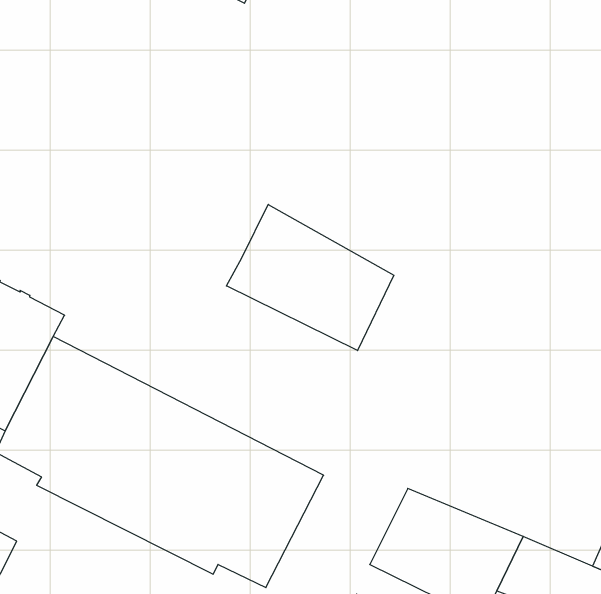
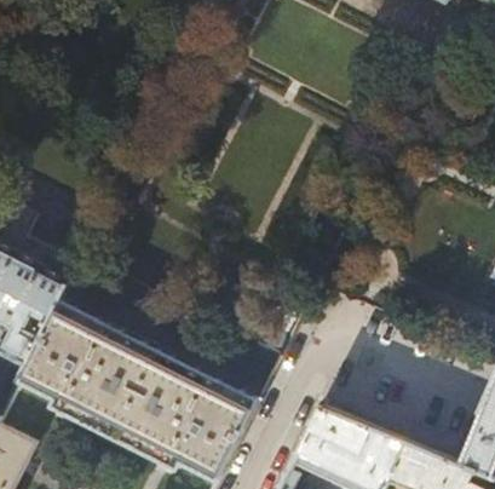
building: [226,204,394,351] -> none

